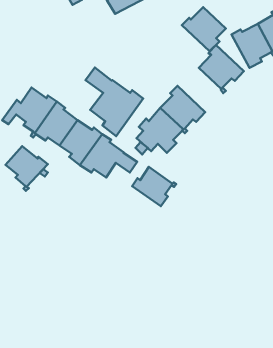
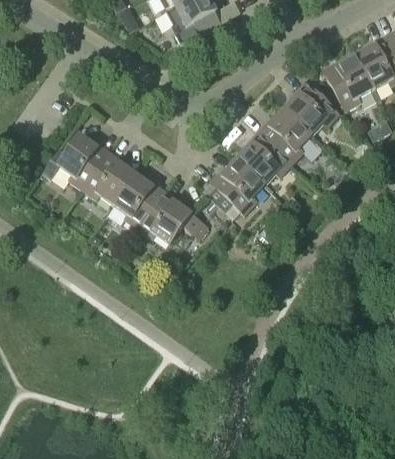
building: [182,7,226,51] -> [256,109,310,163]
building: [85,68,143,136] -> none
building: [5,146,48,191] -> none
building: [132,167,176,206] -> none

